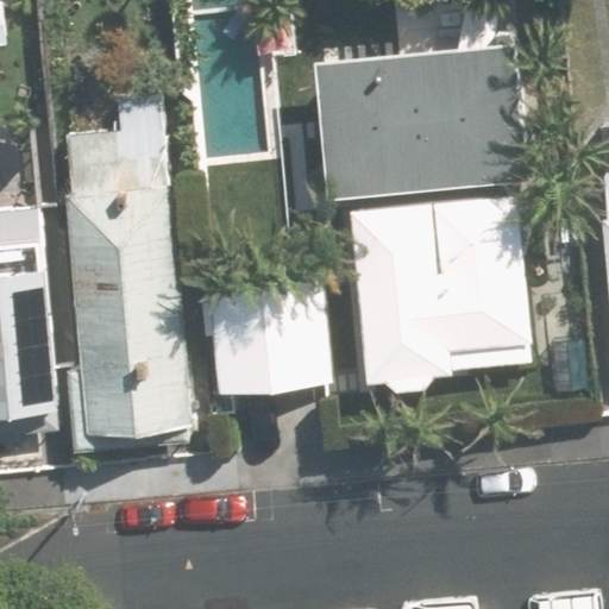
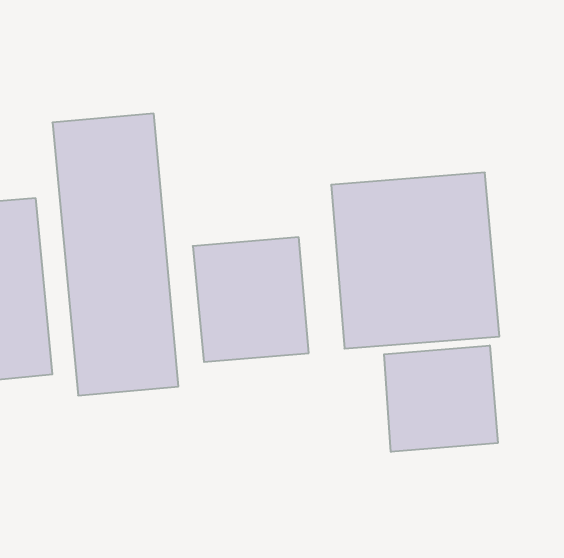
building: [315,44,532,201] -> none
building: none -> [384,345,498,452]

